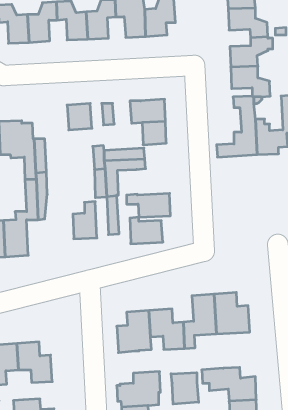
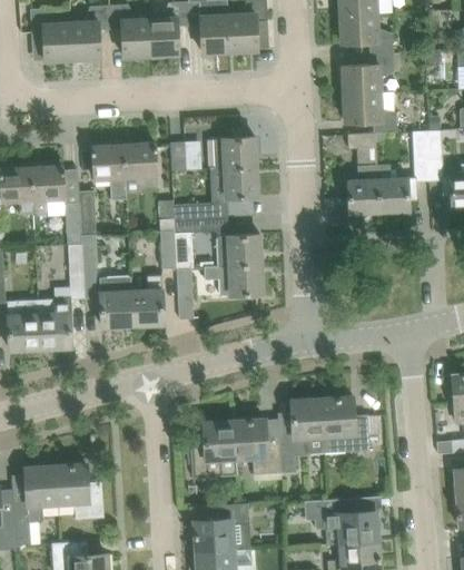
building: none -> [92,145,127,200]
building: none -> [99,277,132,327]
building: [130,217,163,244] -> [217,230,261,266]
building: [171,373,199,404] -> none

